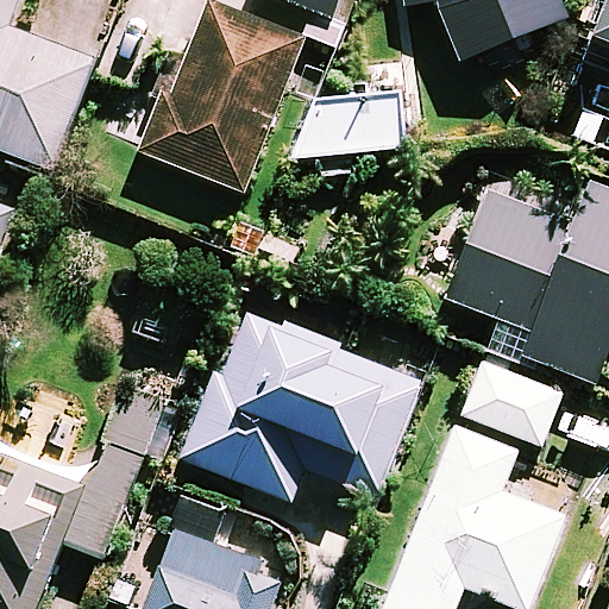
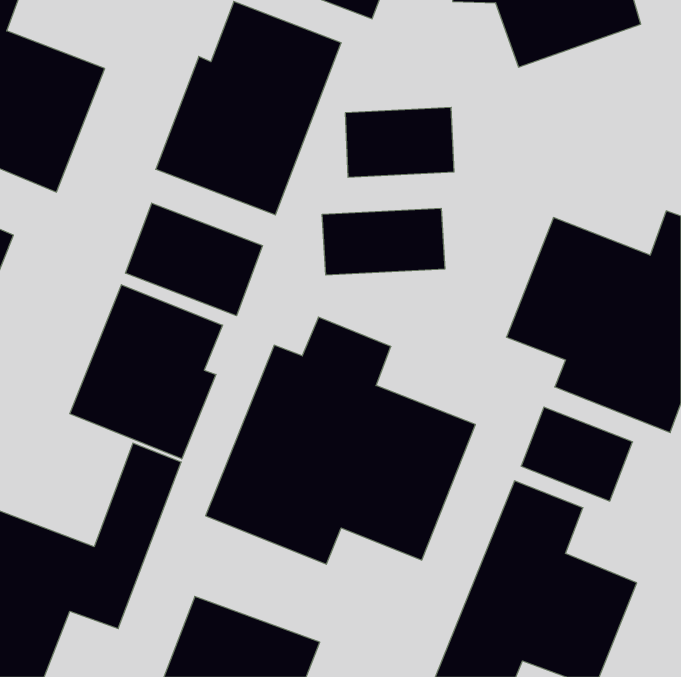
building: none -> [126,203,263,316]
building: none -> [322,208,445,275]
building: none -> [70,285,223,459]

